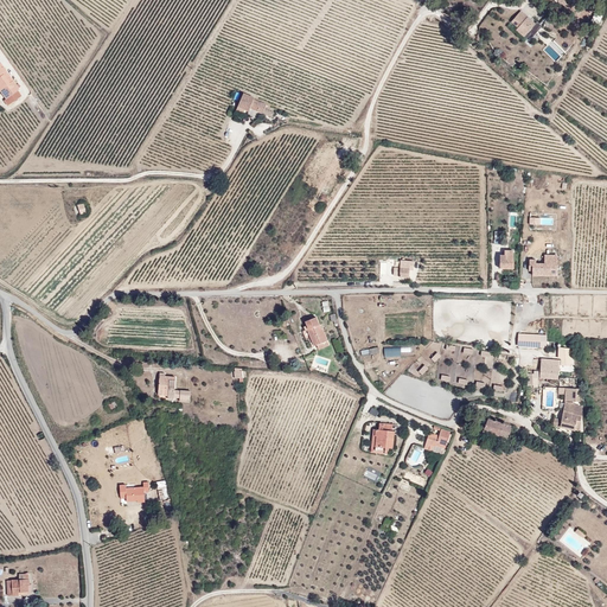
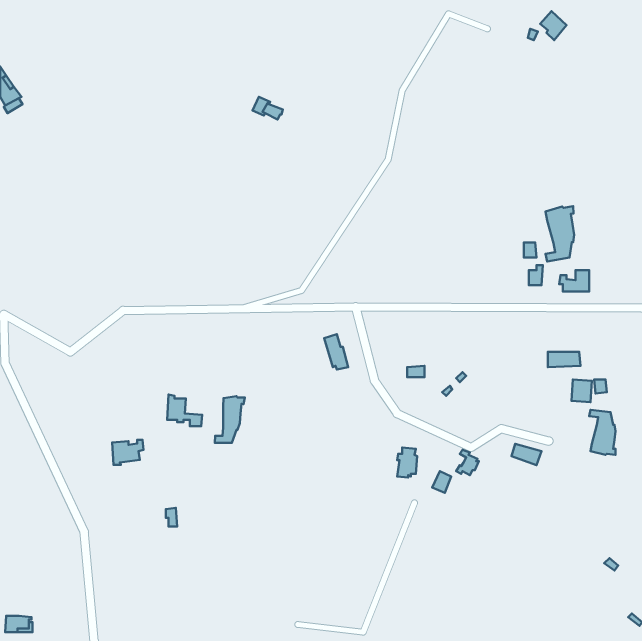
building: none -> [546,206,574,261]
building: none -> [215,396,245,443]
building: [119,483,148,506] -> [112,440,144,465]

